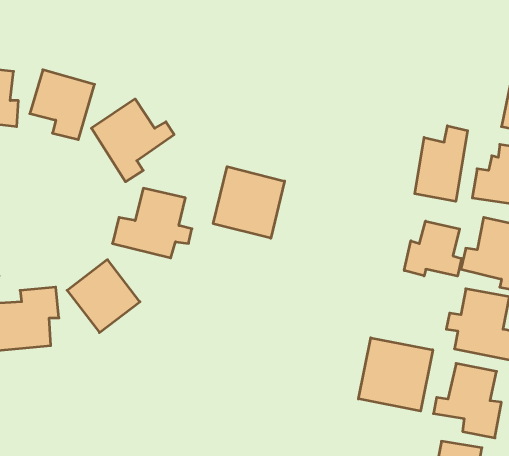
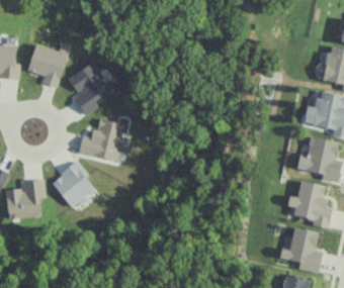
building: [415,126,468,201] -> none
building: [213,167,285,238] -> none
building: [404,221,461,276] -> none
building: [358,338,433,411] -> none

